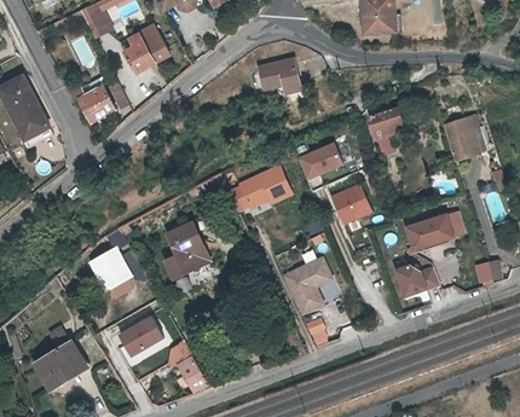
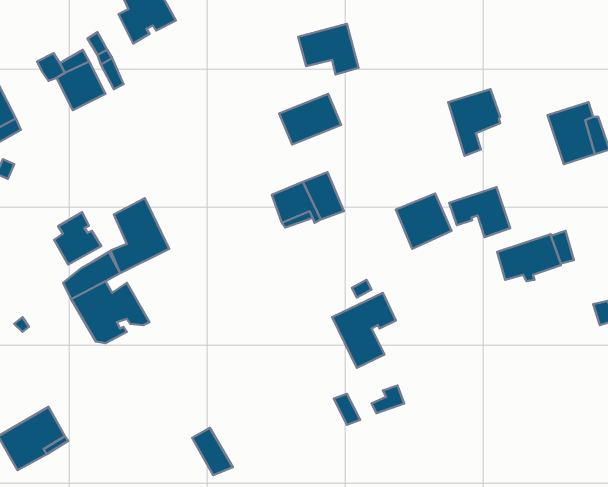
building: [297,143,343,180] -> [279,94,341,144]
building: none -> [449,187,510,237]
building: none -> [54,212,101,264]
building: [164,222,208,278] -> [110,198,169,273]
building: [395,265,440,299] -> none
building: [112,312,161,355] -> none

